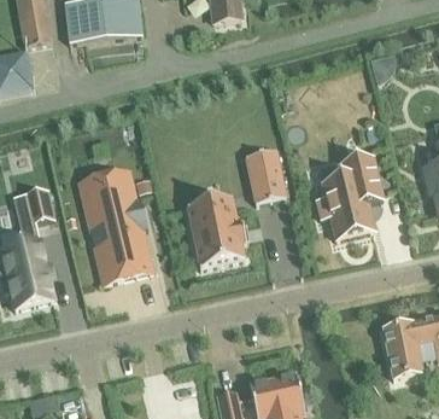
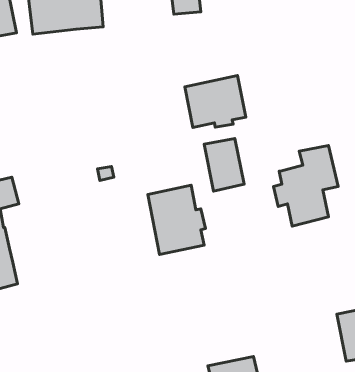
building: none -> [185,75,246,128]
building: [84,171,152,280] -> none

